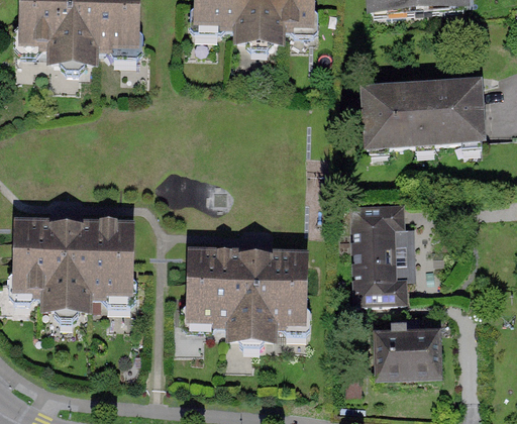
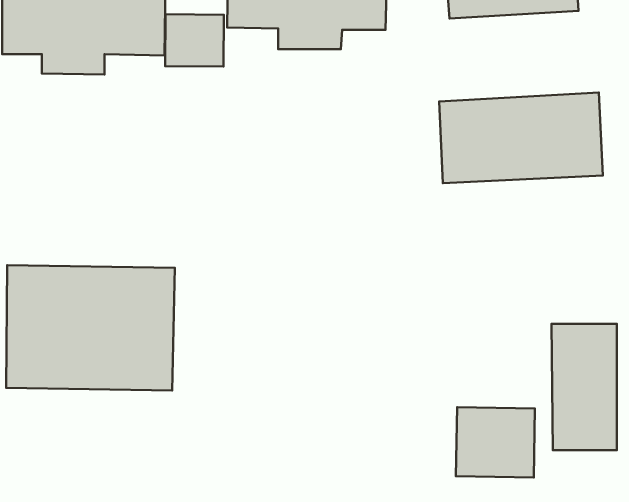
building: none -> [165,14,224,67]
building: [350,202,402,302] -> [552,324,617,450]
building: [185,251,312,337] -> none

